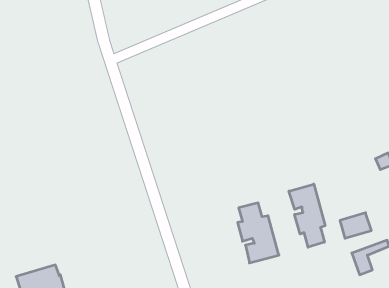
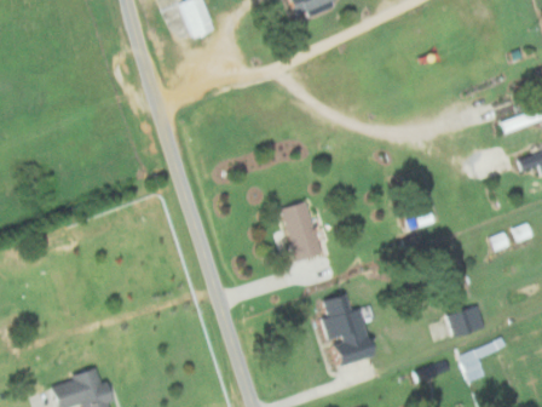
building: none -> [281,200,322,262]
building: [289,184,325,247] -> none

